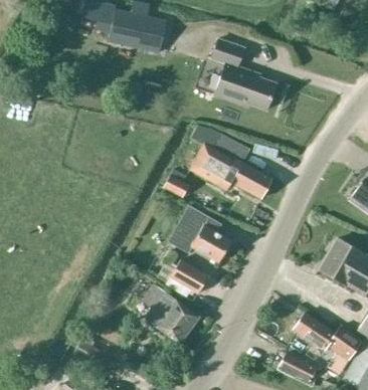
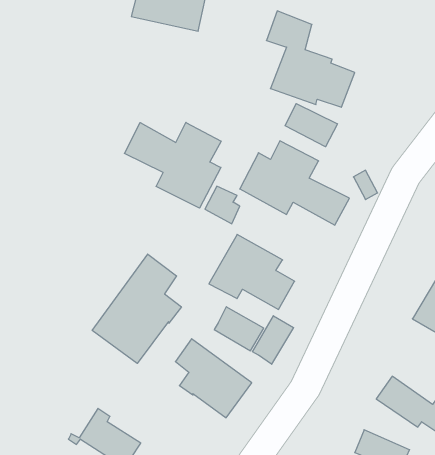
building: none -> [285,104,337,147]
building: none -> [124,122,221,208]
building: none -> [92,254,181,363]
building: none -> [252,316,294,364]

